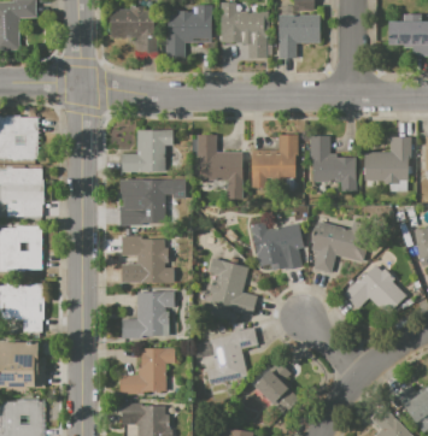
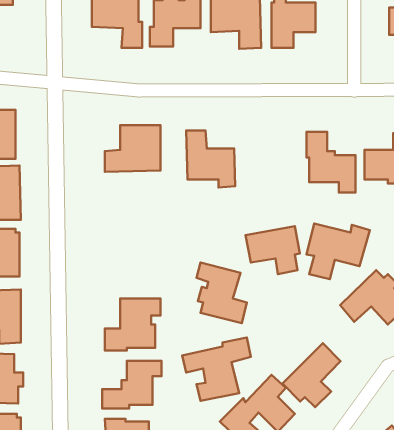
building: [252,135,298,188] -> none
building: [121,179,174,225] -> none
building: [121,236,171,284] -> none
building: none -> [283,343,341,407]

